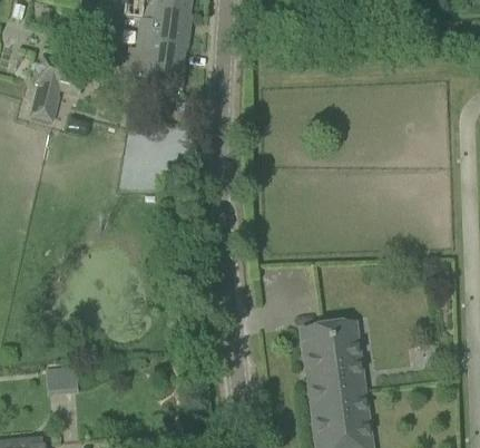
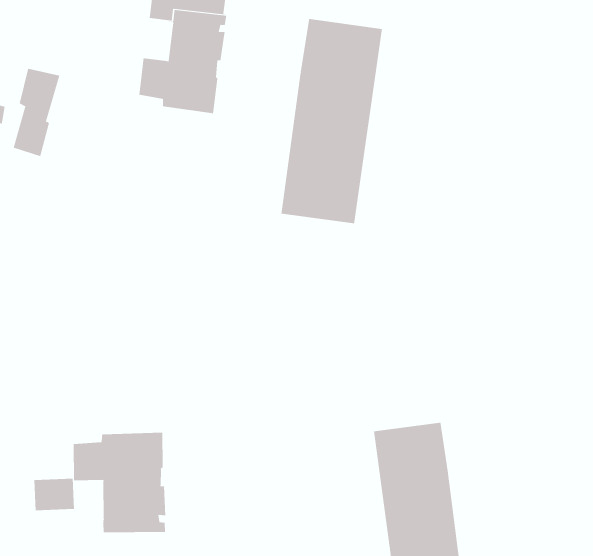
building: none -> [281,18,382,224]
building: none -> [73,432,166,533]

